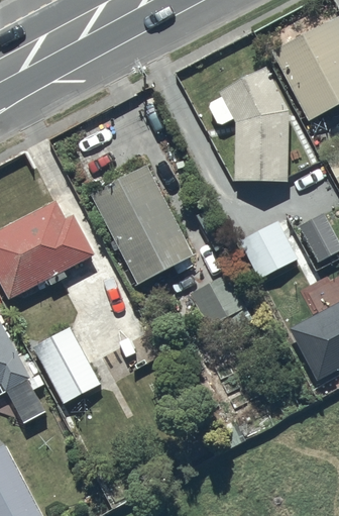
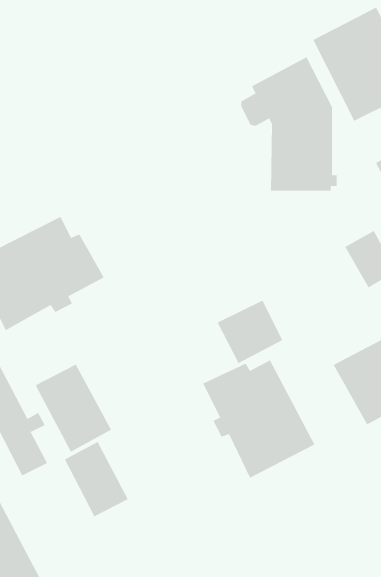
building: [90,164,193,283] -> none
building: [239,221,298,280] -> none
building: none -> [202,359,315,478]
building: none -> [64,441,129,517]

